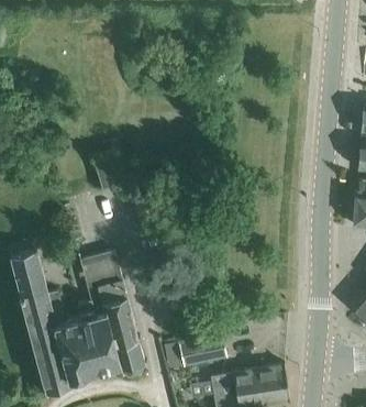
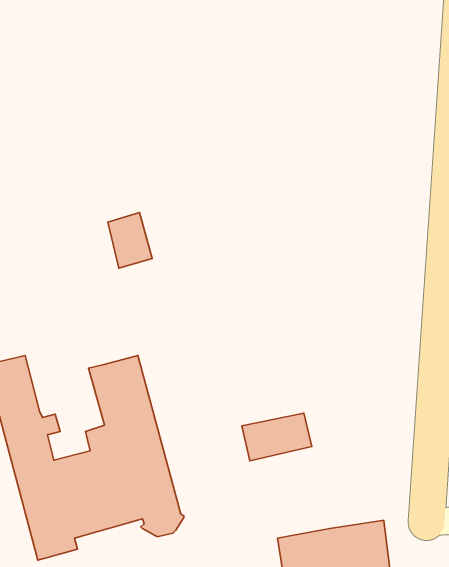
building: [179,336,228,368] -> [242,413,312,461]

